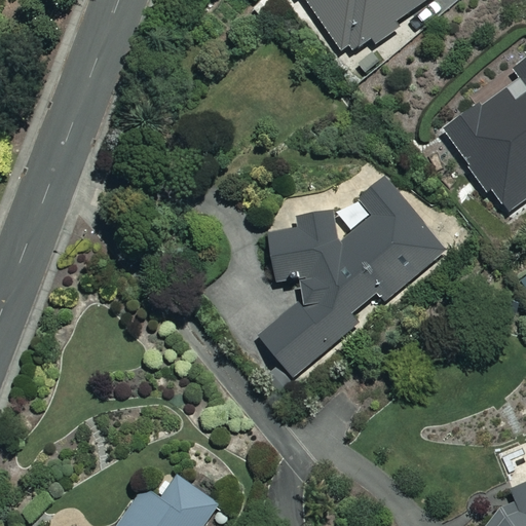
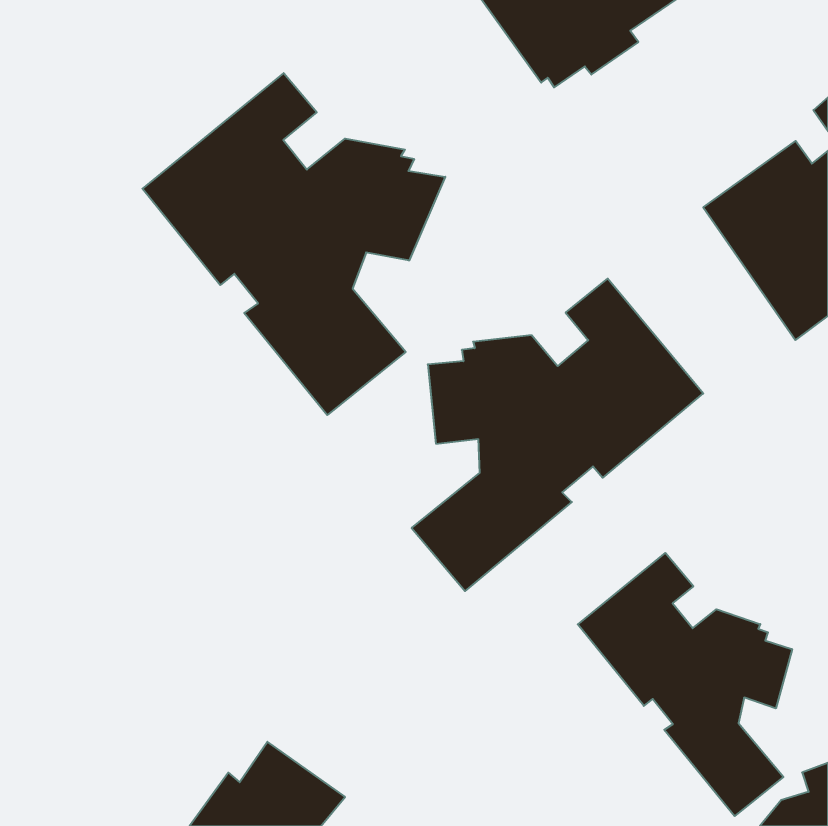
building: none -> [142,73,445,415]
building: none -> [578,553,792,816]

